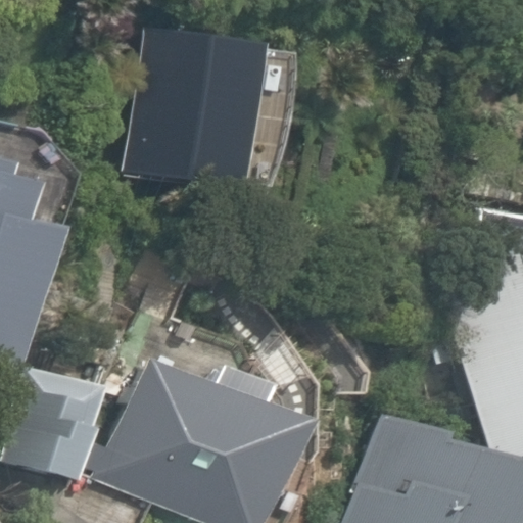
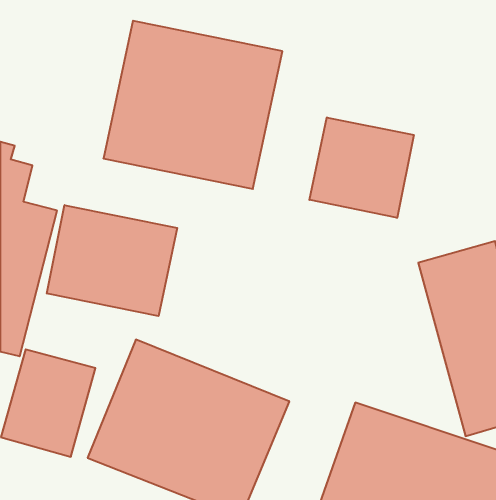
building: none -> [309,117,414,218]
building: none -> [47,205,177,316]

